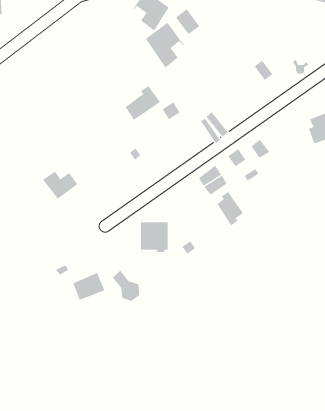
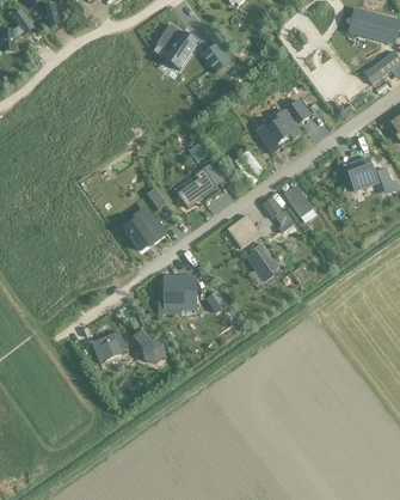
building: [145,22,184,68] -> none
building: none -> [254,109,300,153]
building: [125,85,161,120] -> [177,167,216,206]
building: [42,171,78,199] -> [124,218,164,249]

